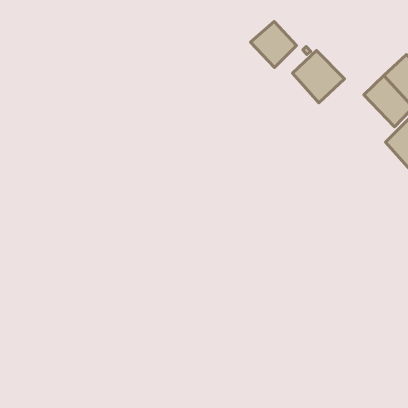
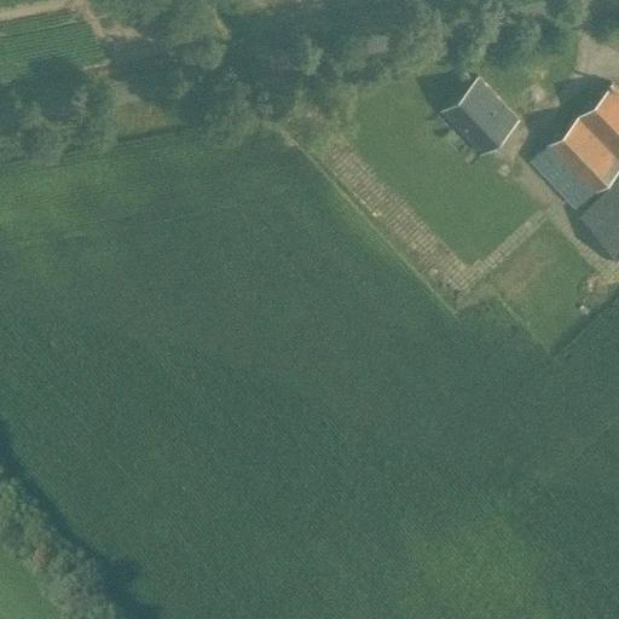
building: [251,22,297,67] -> none
building: none -> [533,146,597,212]

